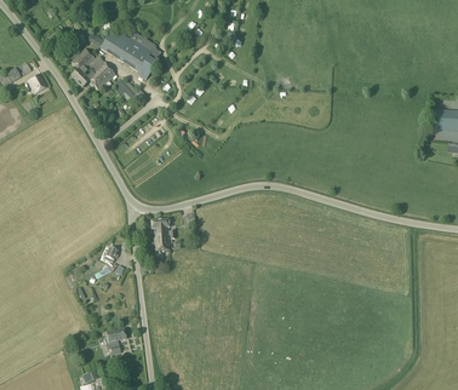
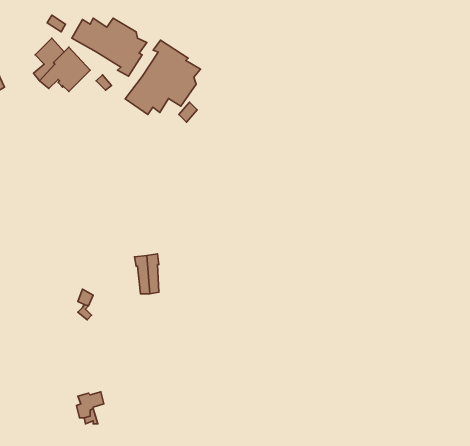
building: none -> [125,40,201,115]

